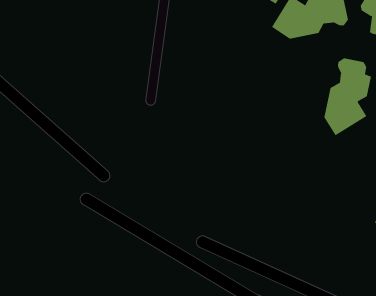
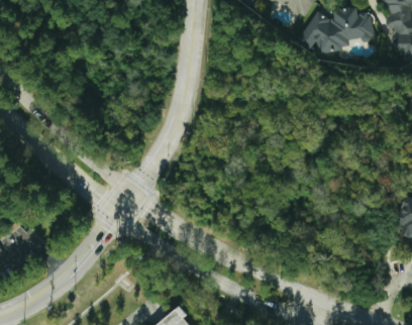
building: [324,57,372,136] -> none

